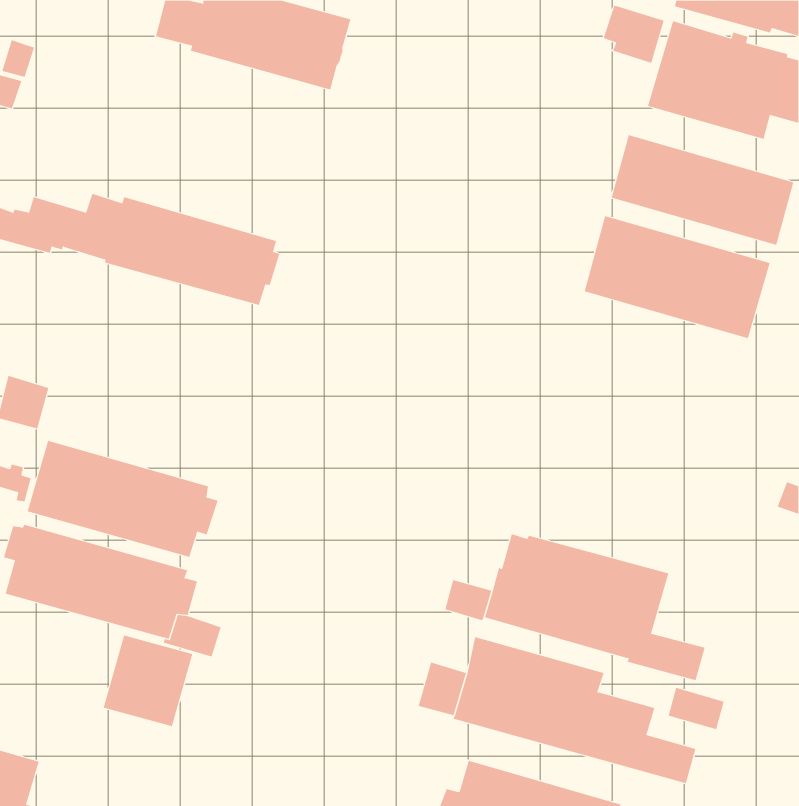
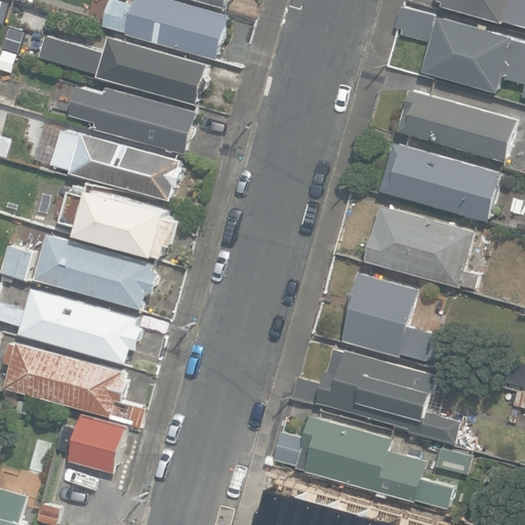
building: none -> [37,35,205,104]
building: none -> [69,86,194,154]
building: none -> [74,187,178,256]
building: none -> [363,204,477,289]
building: none -> [34,233,158,308]
building: none -> [339,271,433,361]

